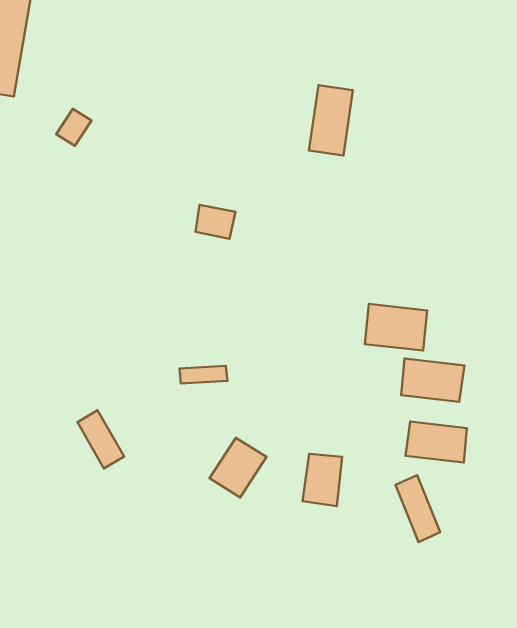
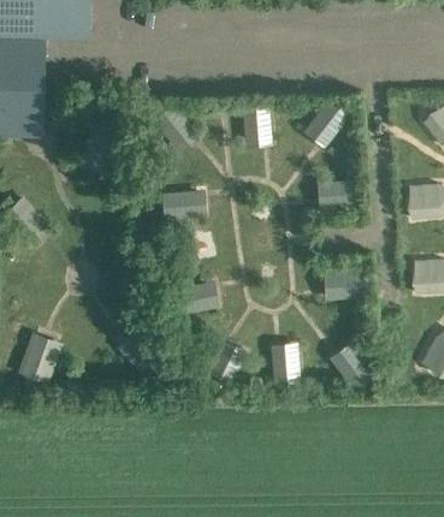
building: none -> [298,95,342,143]
building: [365,304,427,351] -> [316,178,356,206]
building: [405,421,467,463] -> none

